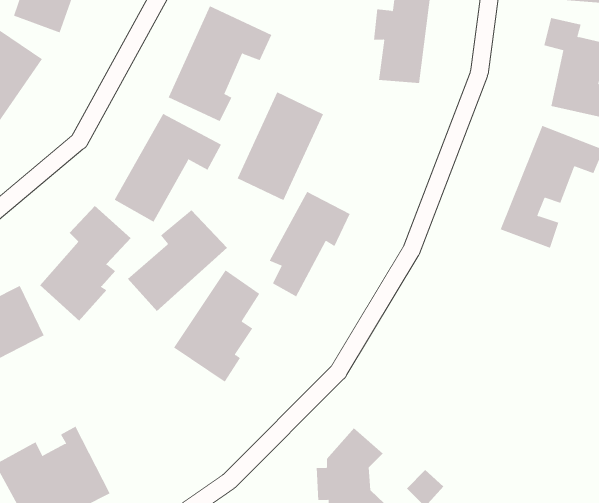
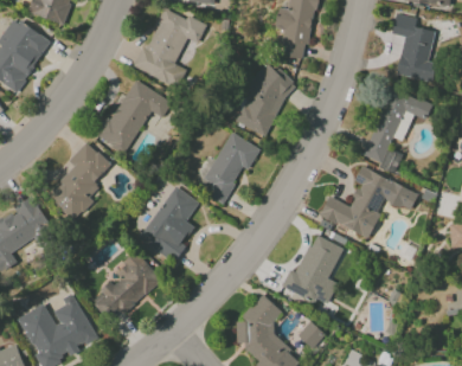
building: [237,92,324,201] -> [235,63,294,137]
building: [127,209,228,312] -> [91,253,160,323]
building: none -> [319,167,418,238]
building: none -> [281,235,344,304]

